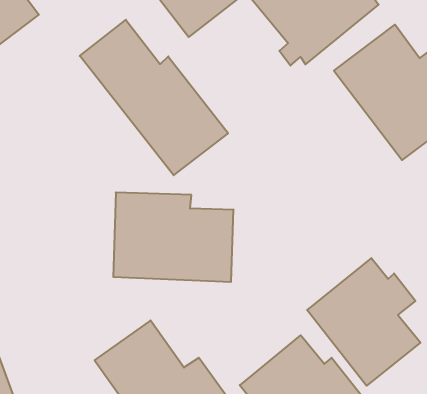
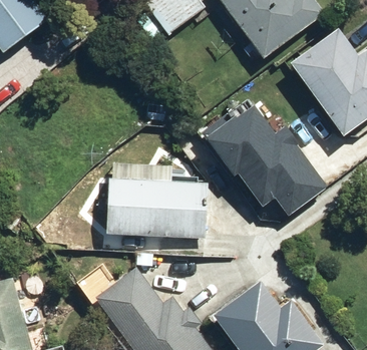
building: [80,20,228,175] -> none
building: none -> [217,93,331,200]
building: [307,258,420,386] -> none

